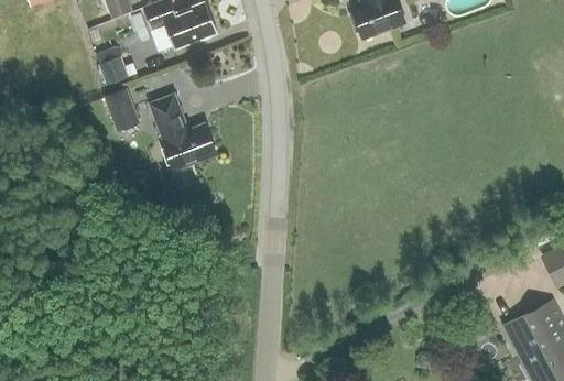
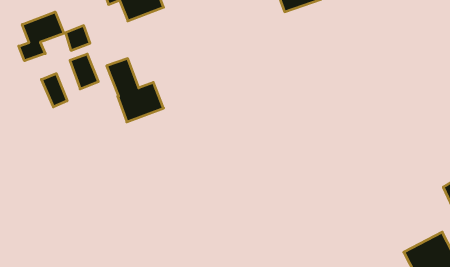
building: none -> [19,12,64,61]
building: none -> [41,74,67,107]

